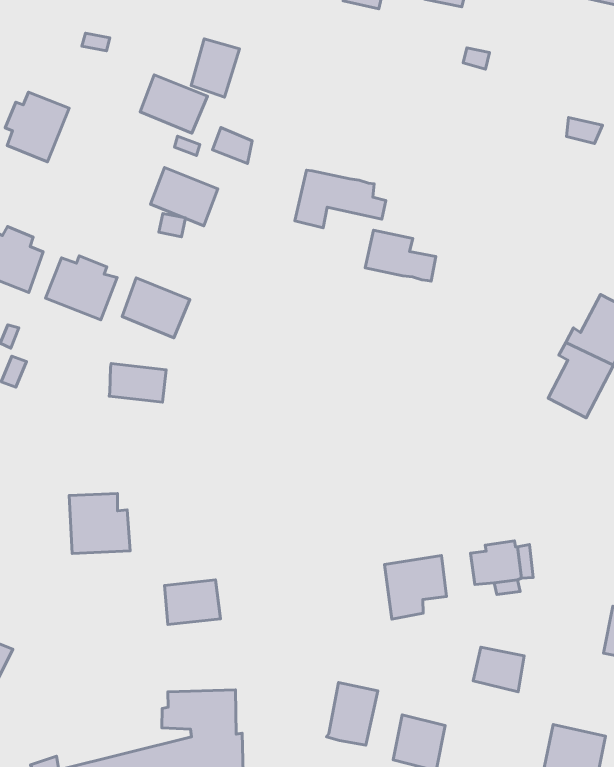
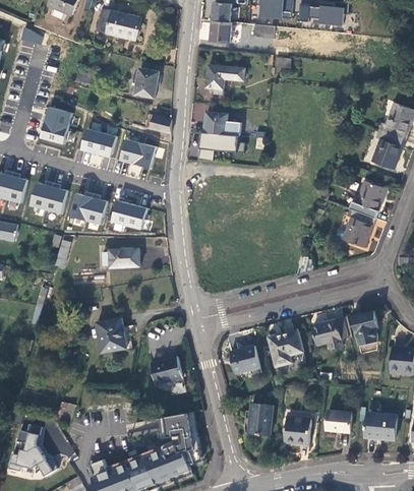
building: none -> [205,65,245,91]
building: [140,75,207,133] -> [82,130,117,159]
building: [365,230,436,281] -> [204,113,241,136]
building: none -> [351,310,377,344]
building: none -> [229,346,257,371]
building: [473,647,524,692] -> [323,409,349,430]

